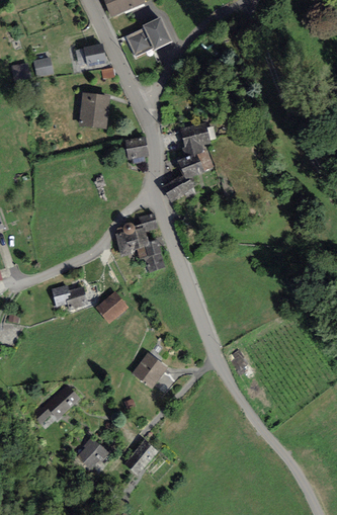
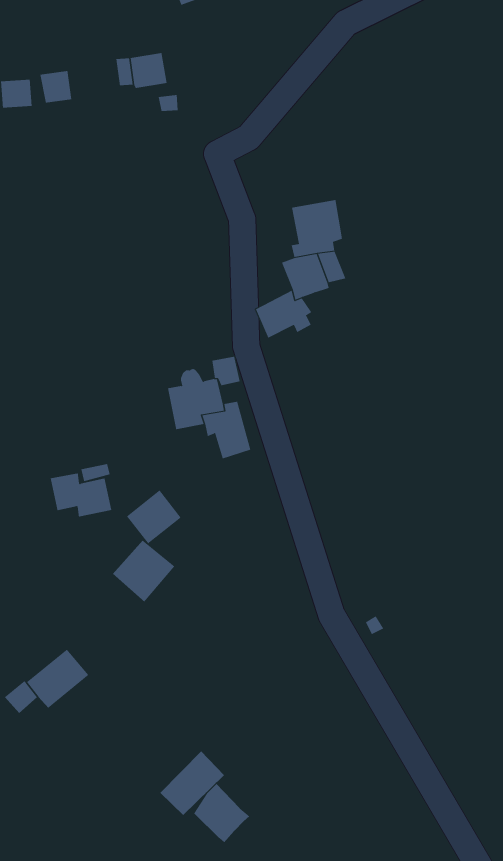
building: [125,16,172,56] -> none
building: [82,96,108,128] -> none
building: [124,137,149,159] -> none
building: [132,353,167,389] -> [112,540,175,602]
building: [76,437,109,470] -> none
building: none -> [194,783,250,843]

